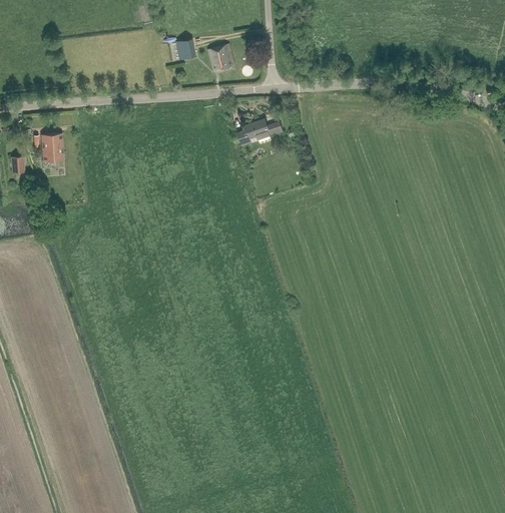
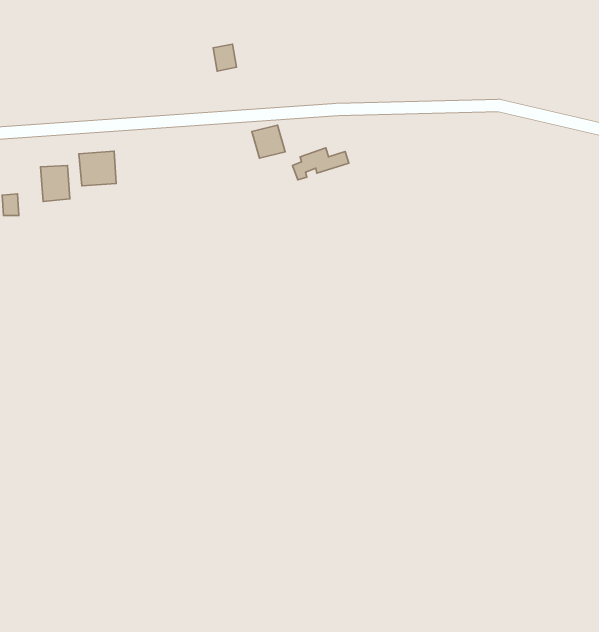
building: [207,44,233,70] -> [252,125,285,158]
building: none -> [79,151,116,186]

